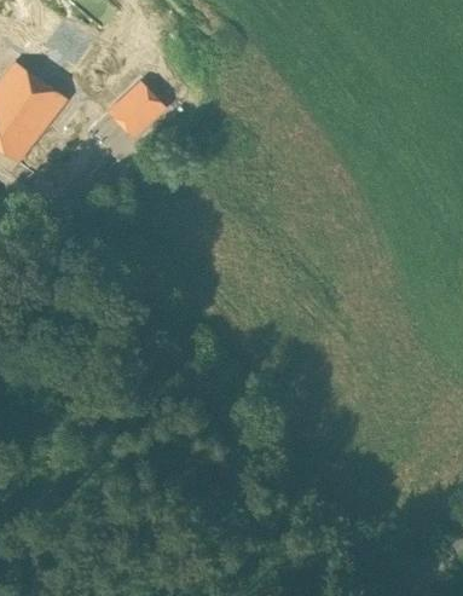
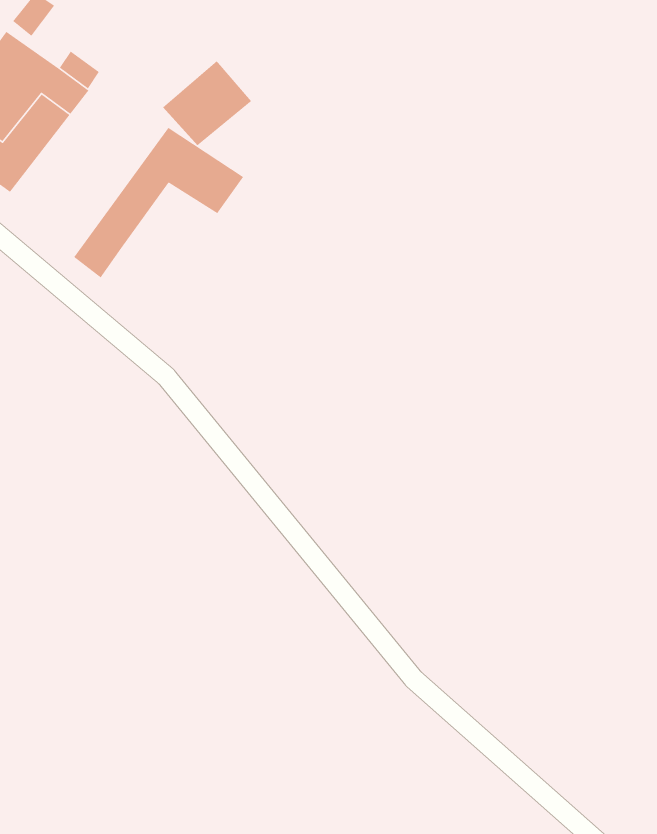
building: none -> [73,127,244,278]

